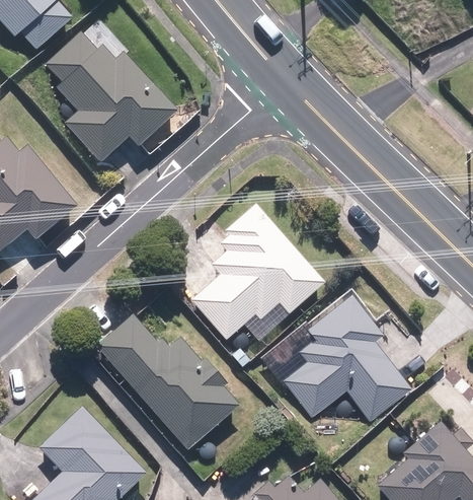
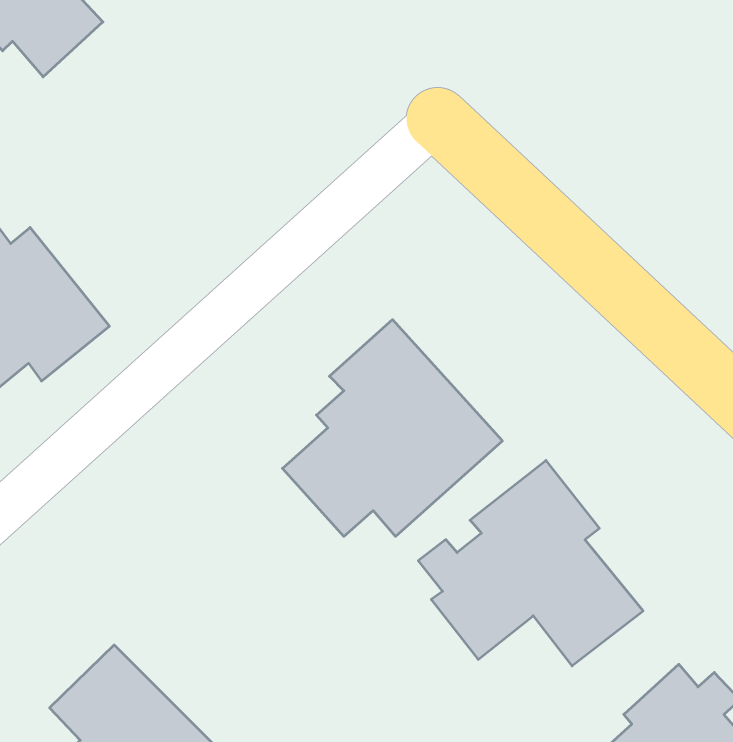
building: [43,28,178,162] -> none
building: [98,315,239,450] -> none

